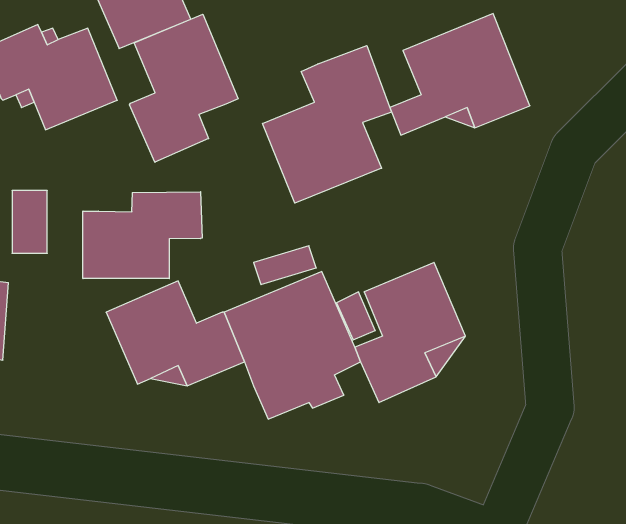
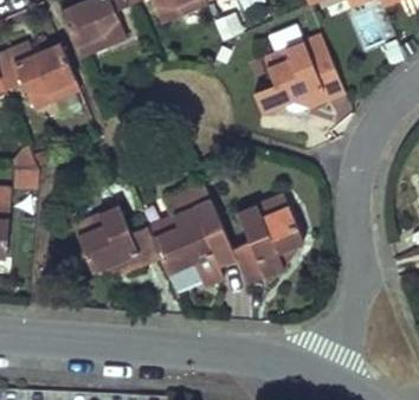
building: [129,14,238,162] -> none
building: [263,46,392,203] -> none
building: [83,192,202,279] -> none

